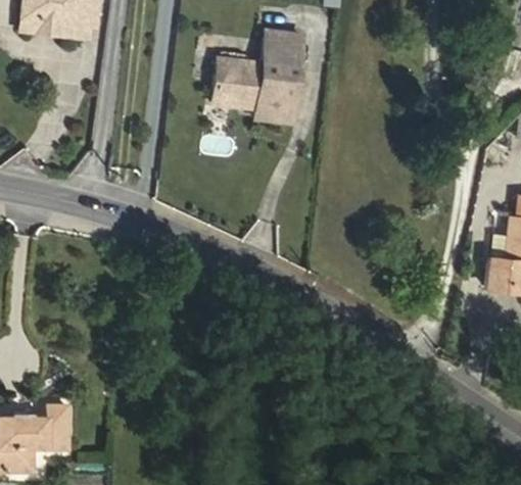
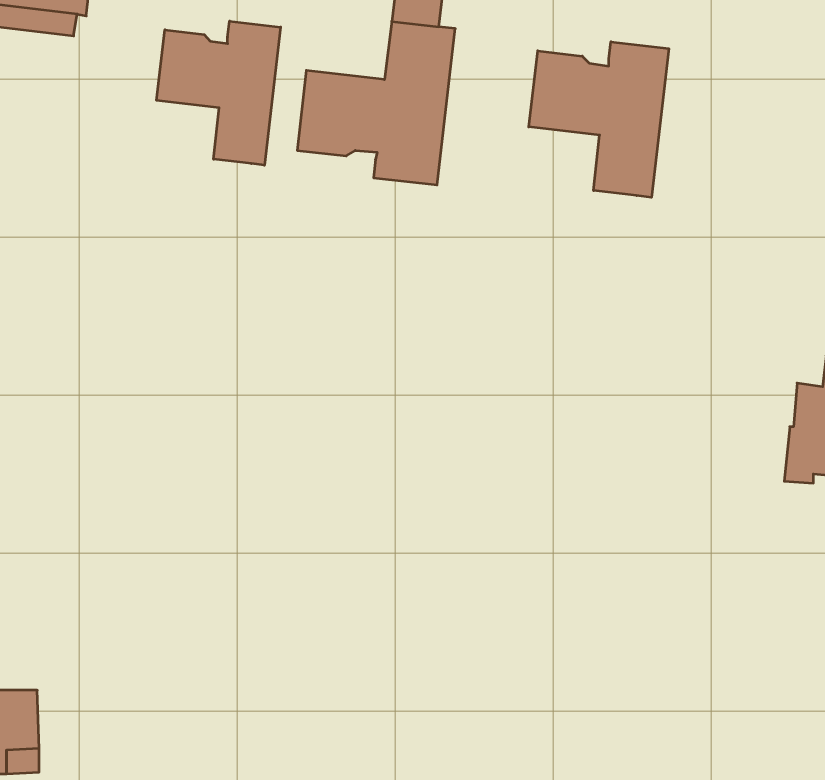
building: none -> [157,21,281,165]
building: none -> [529,42,669,197]

